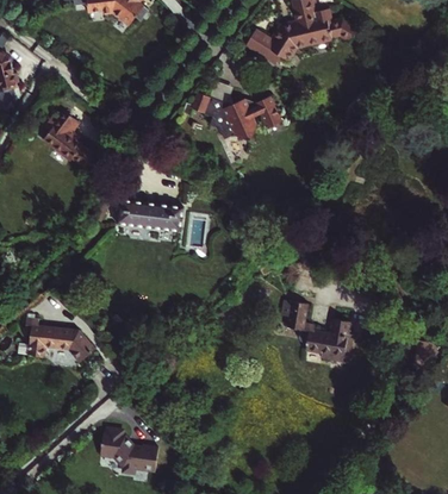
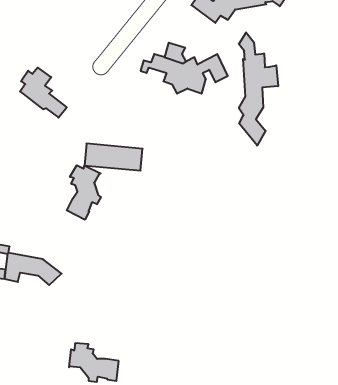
building: none -> [239,32,278,146]
building: none -> [67,165,101,220]
building: [288,298,350,354] -> none

